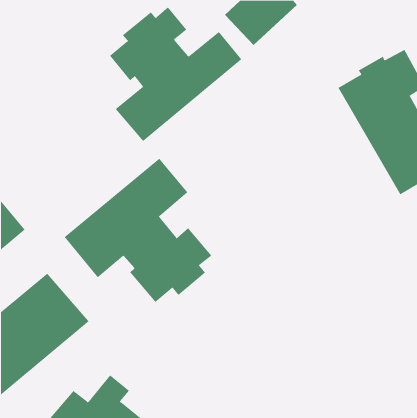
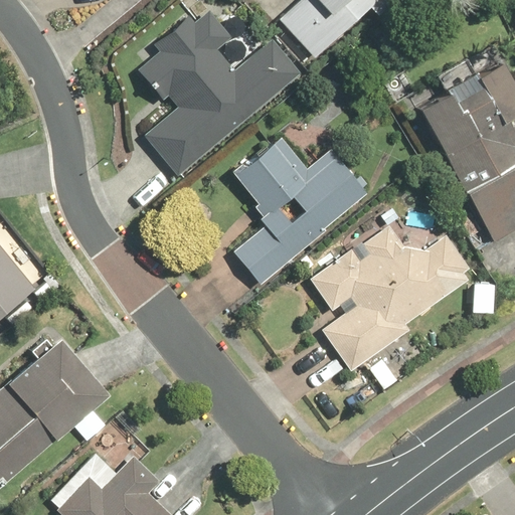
building: none -> [230,137,366,285]
building: [64,158,212,303] -> none
building: none -> [310,223,470,371]

